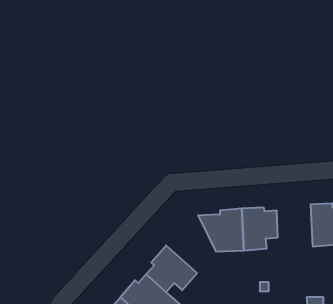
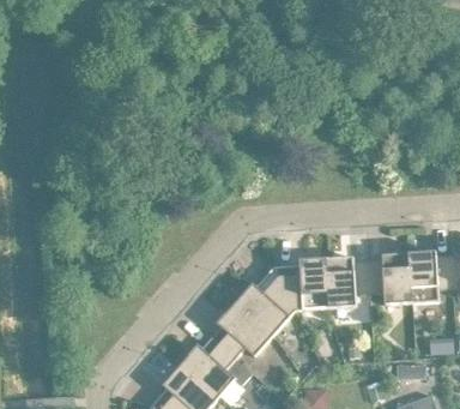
building: none -> [368,253,411,305]
building: none -> [235,266,295,336]

